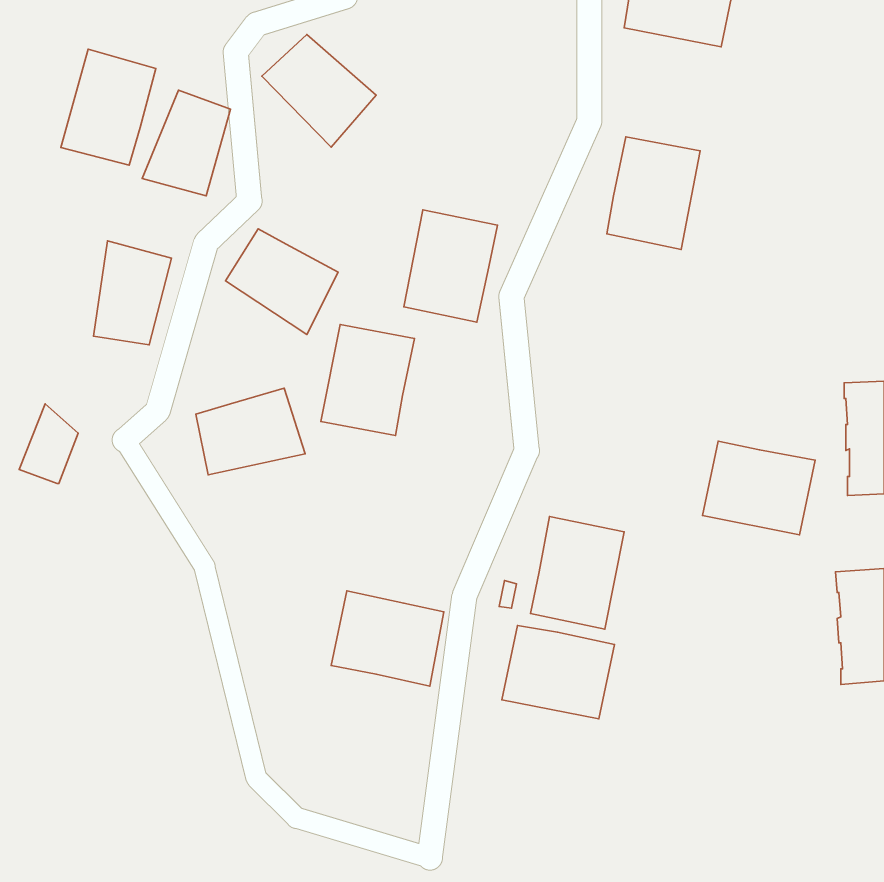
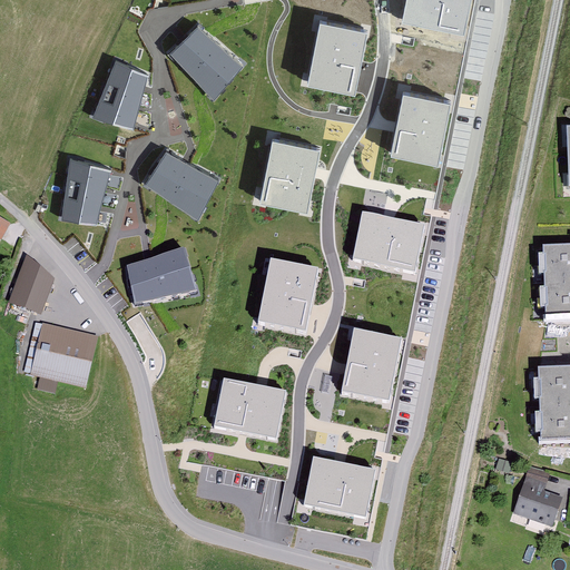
building: none -> [306,18,366,89]
building: [61,49,156,165] -> none
building: [321,324,415,435] -> [257,263,317,334]
building: [702,441,815,535] -> [352,214,424,274]
building: none -> [30,323,98,391]
building: [502,625,615,719] -> [303,459,375,519]
building: none -> [514,468,559,523]

